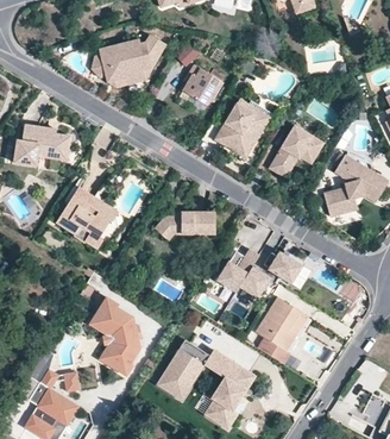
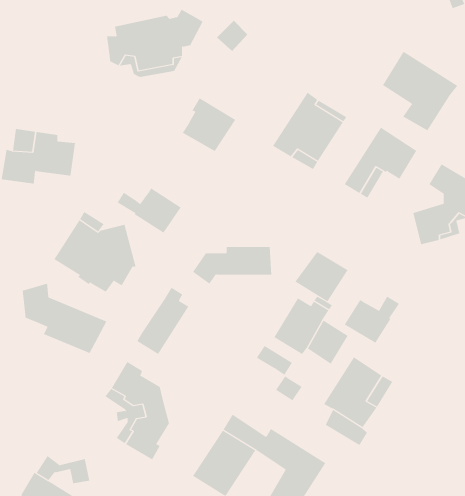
building: [181,64,221,105] -> [182,98,236,152]
building: none -> [382,51,458,131]
building: none -> [117,188,182,234]
building: none -> [22,283,107,354]
building: none -> [137,287,189,355]

